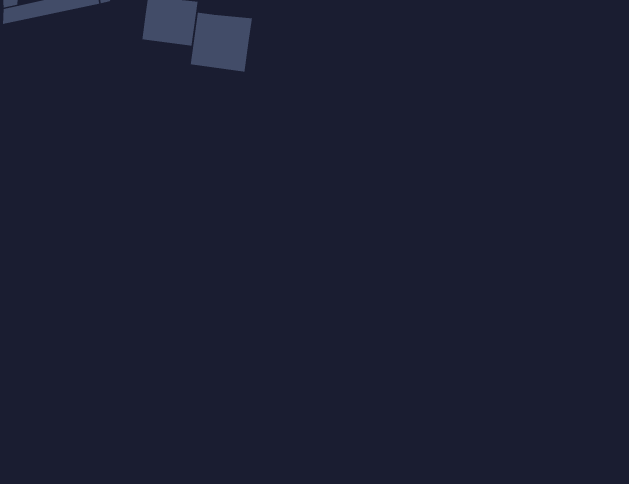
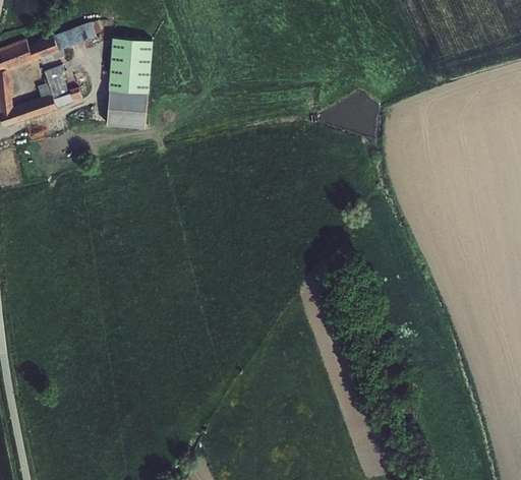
building: [190,12,253,72] -> none

